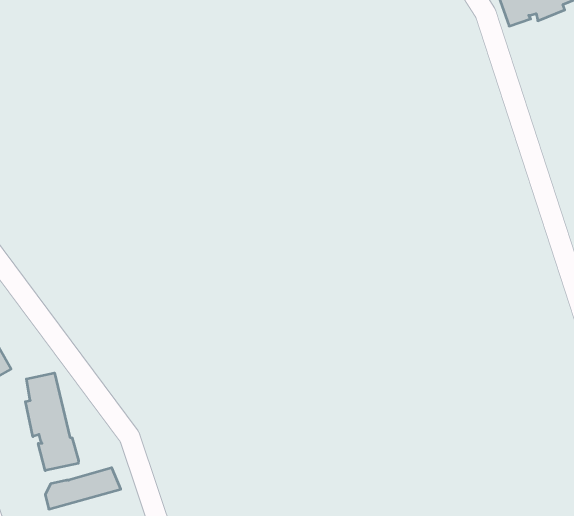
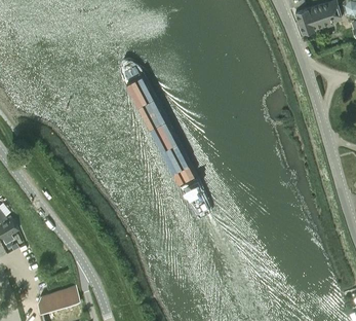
building: [25,373,78,471] -> none

